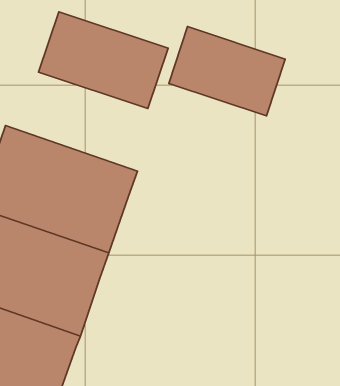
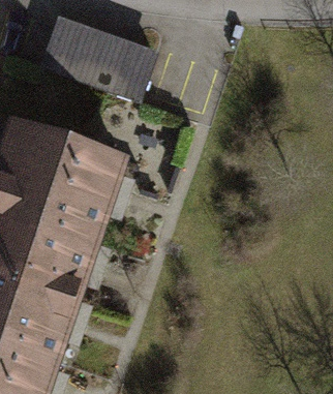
building: [169,26,285,116] -> none

